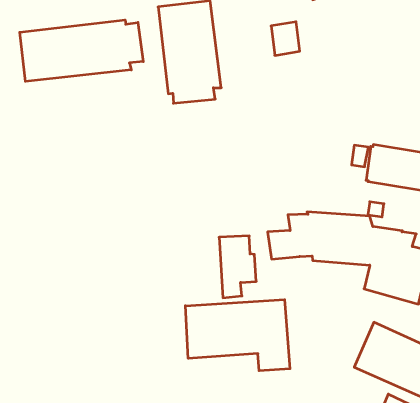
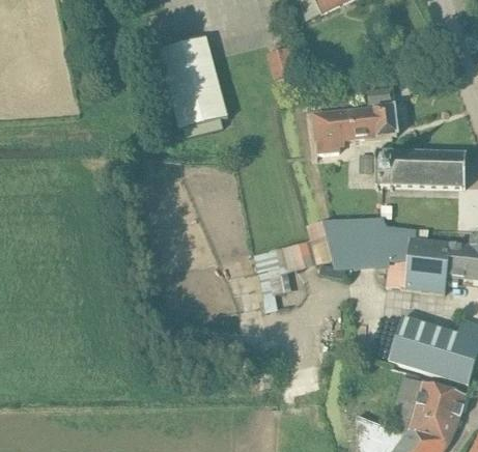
building: [20,20,143,81] -> none
building: none -> [313,105,397,153]
building: [185,300,290,371] -> none

